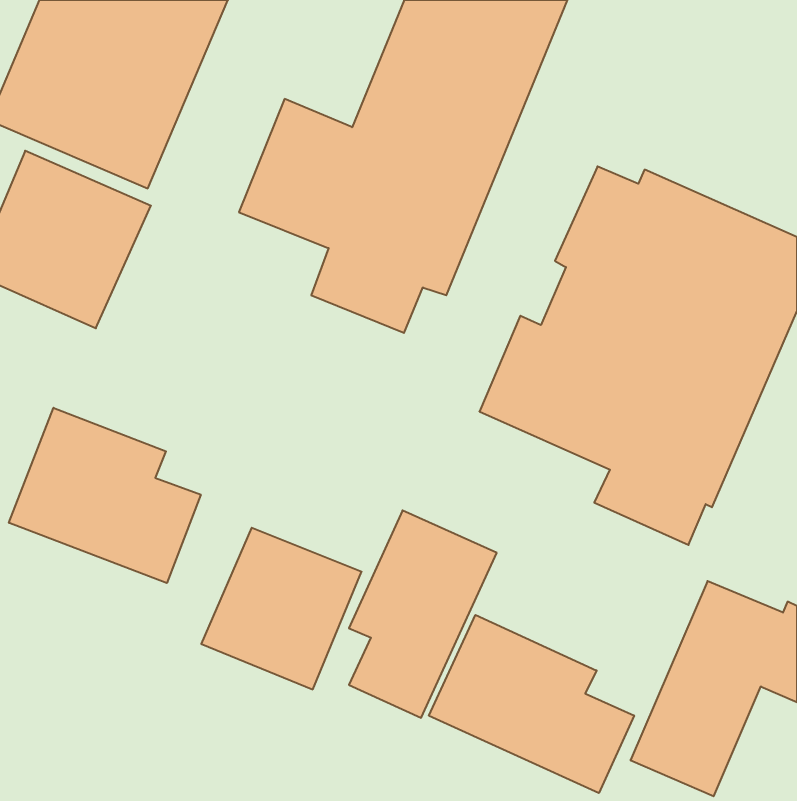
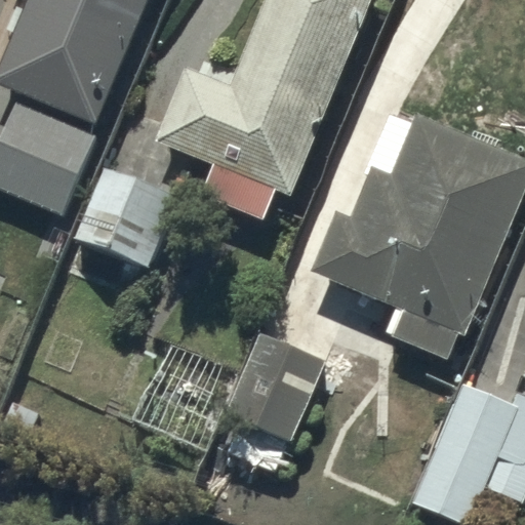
building: none -> [74,165,184,268]
building: [9,408,201,583] -> none
building: [429,615,634,793] -> none

